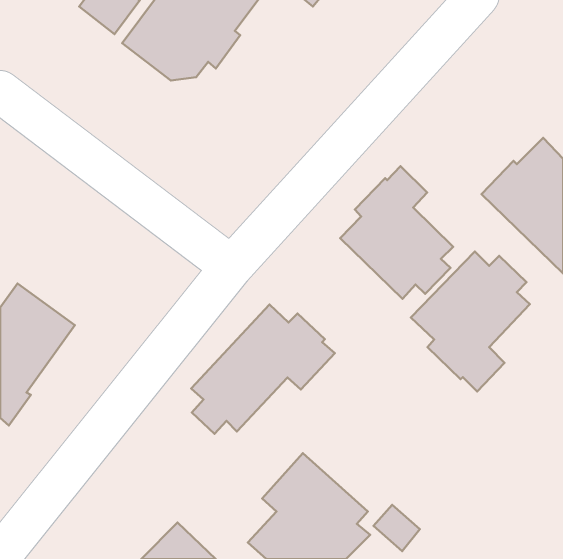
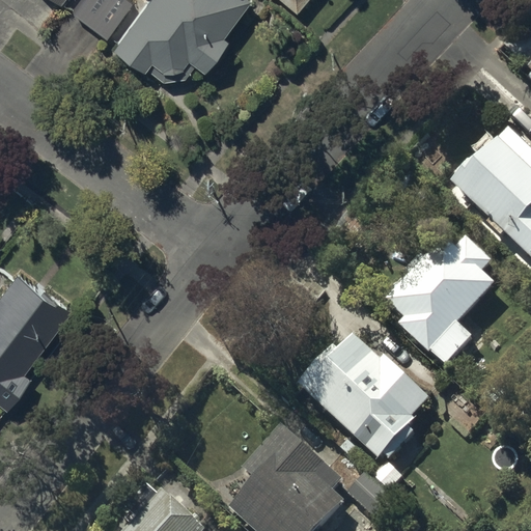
building: [340,166,453,299] -> none
building: [191,304,335,434] -> none
building: none -> [300,337,431,476]

